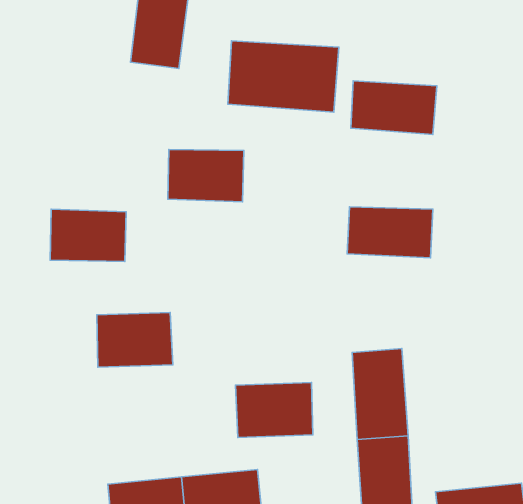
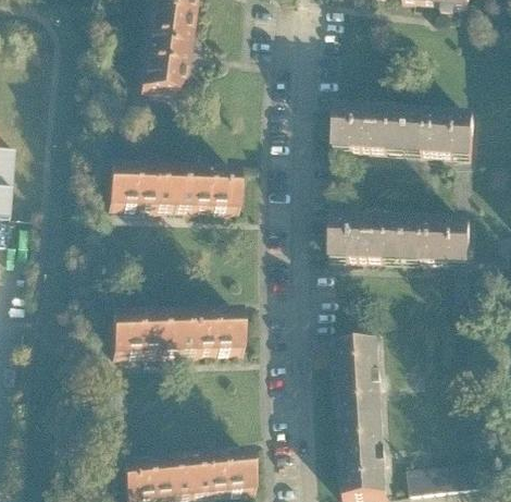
building: [228,41,339,112] -> none
building: none -> [404,111,474,157]
building: none -> [402,219,471,264]
building: [50,209,126,262] -> [108,164,174,210]
building: [235,383,313,437] -> [175,307,242,355]

